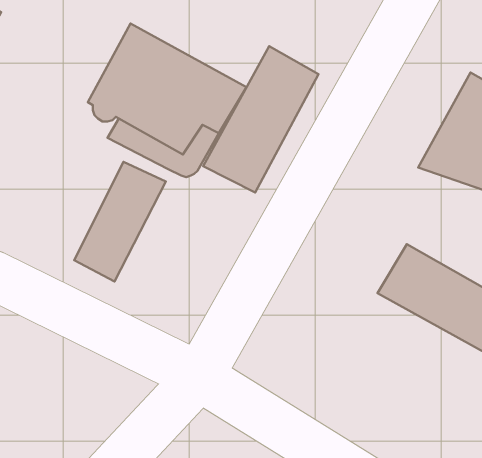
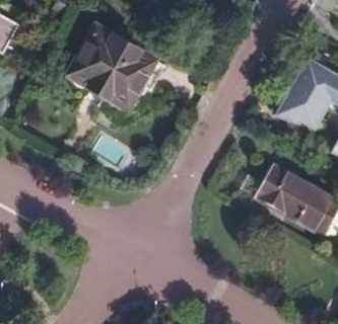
building: [203,46,318,192] -> none
building: [74,162,166,281] -> none

